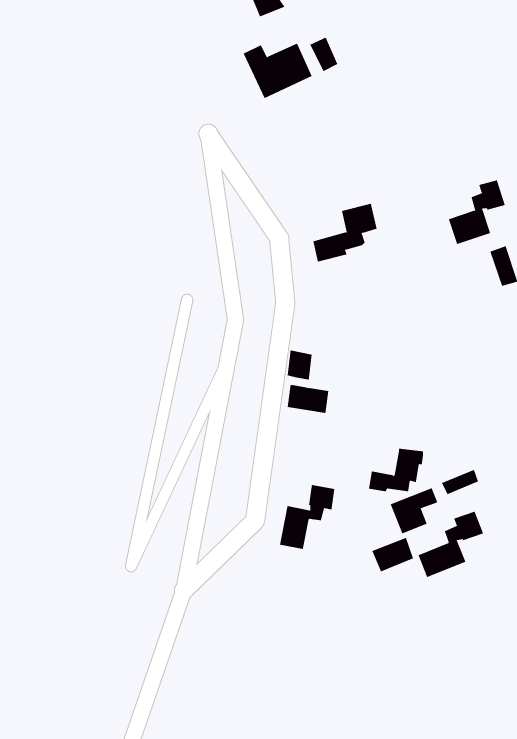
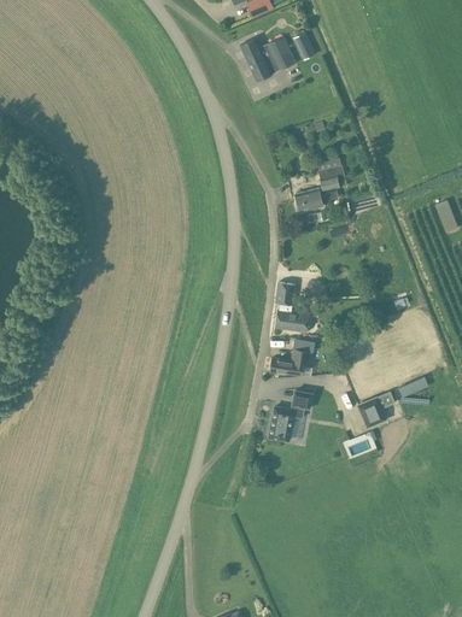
building: [448,180,506,245] -> none
building: [368,448,424,492] -> [270,339,315,374]
building: [418,511,484,578] -> none

